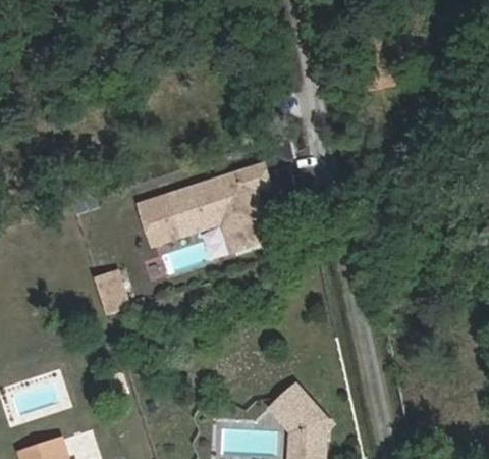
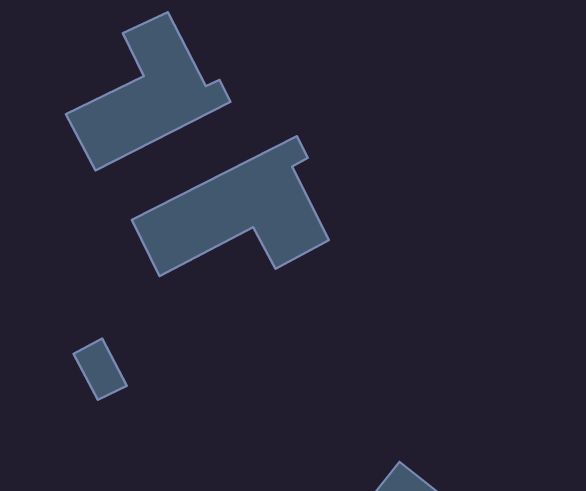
building: none -> [66,12,230,171]

